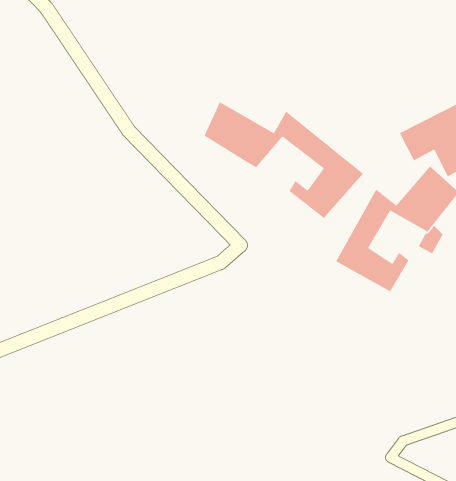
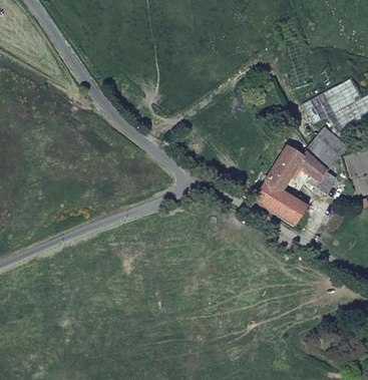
building: [204,101,364,219] -> none

